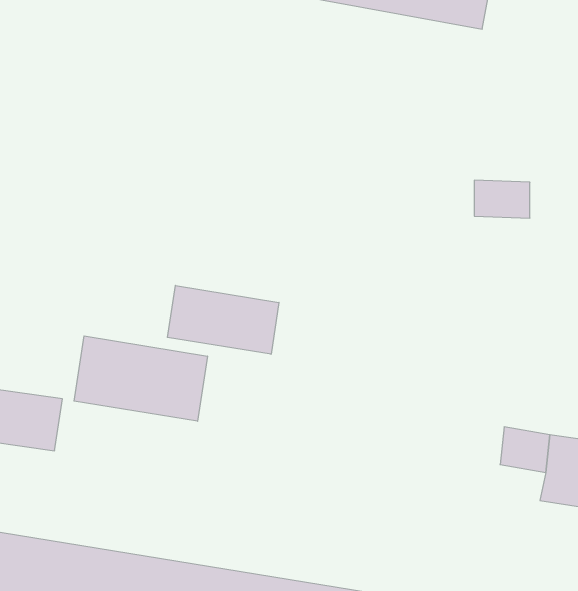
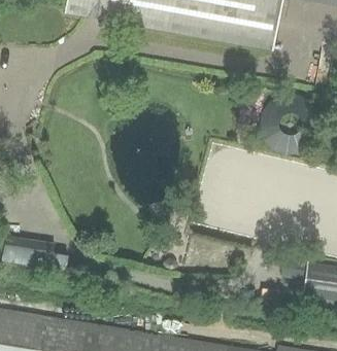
building: [167,285,279,354] -> none
building: [74,336,207,421] -> none

